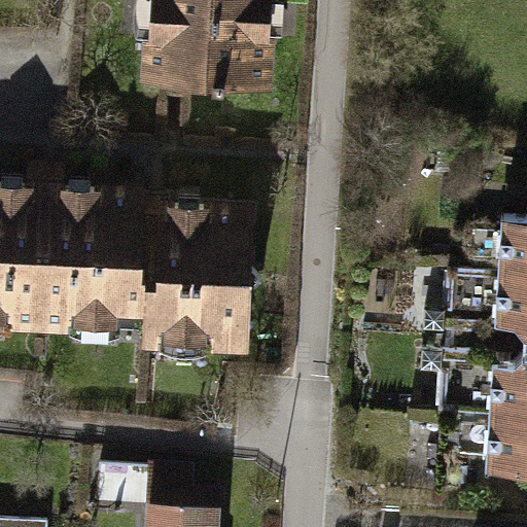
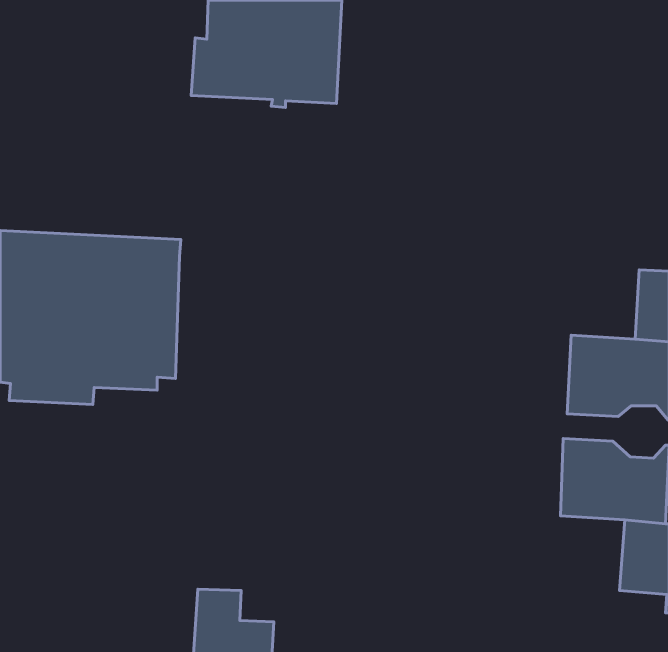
building: [139,215,264,351] -> none

